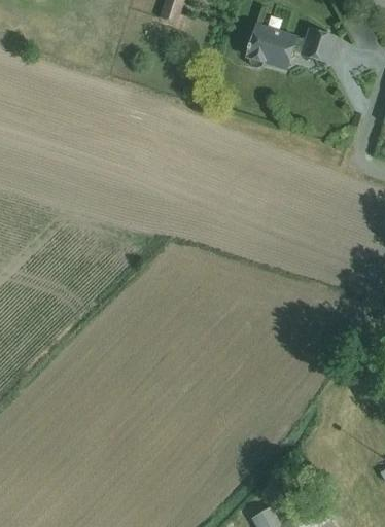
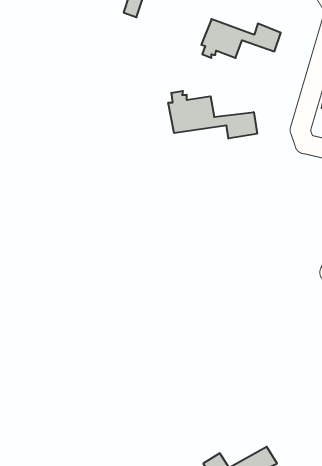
building: none -> [168,91,257,139]

